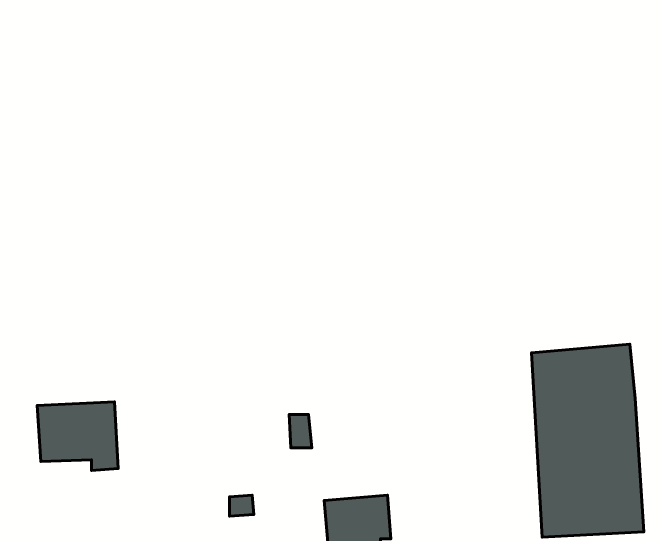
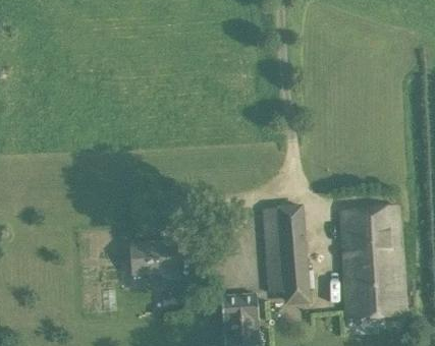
building: none -> [264,206,309,293]
building: [37,402,118,470] -> [131,241,178,281]

